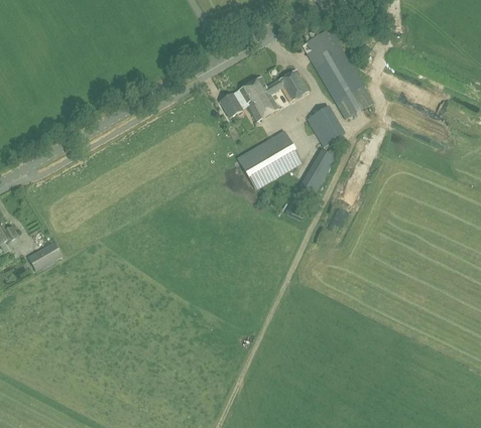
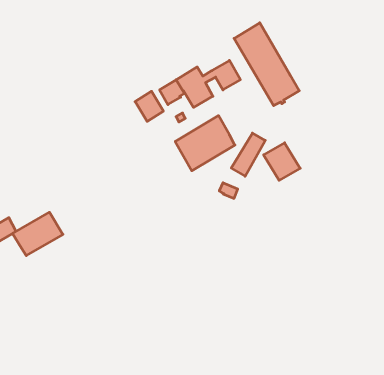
building: none -> [135,91,163,121]
building: [306,105,346,146] -> [264,143,300,180]
building: none -> [13,212,63,256]

